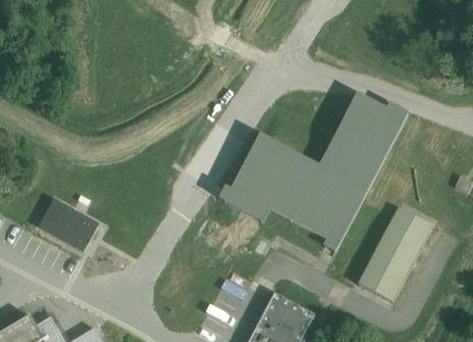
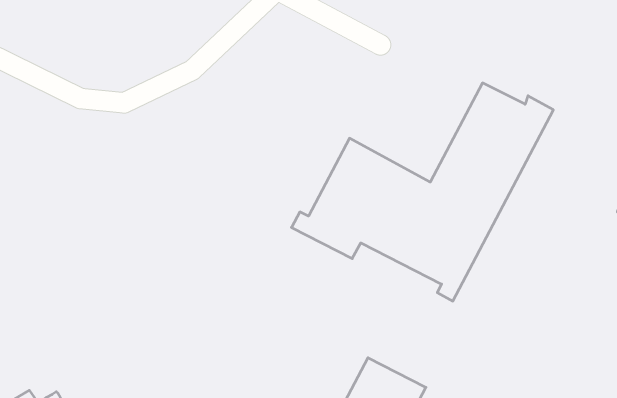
building: [39,199,97,250] -> none
building: [358,207,431,301] -> none

